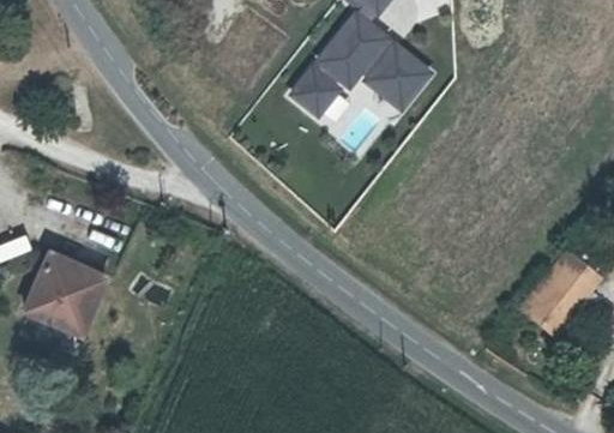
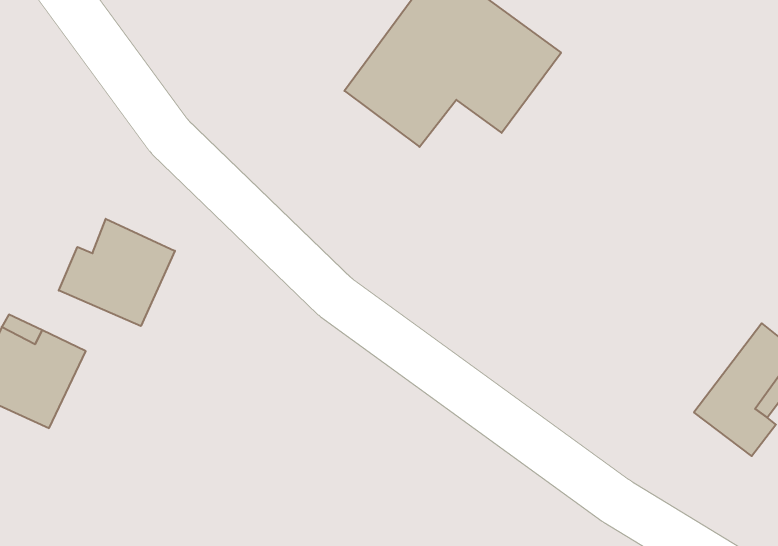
building: none -> [59,219,175,326]

